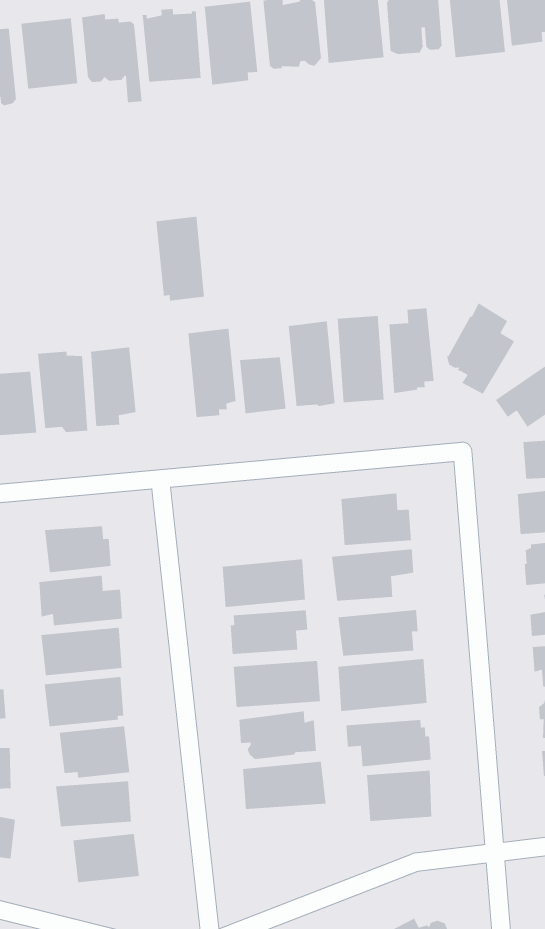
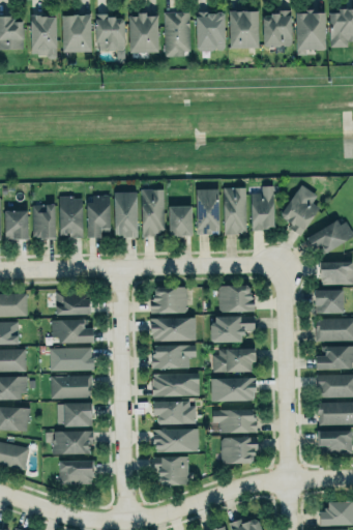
building: [156,216,205,302] -> [115,193,139,238]
building: none -> [152,287,187,314]
building: none -> [154,457,188,485]

